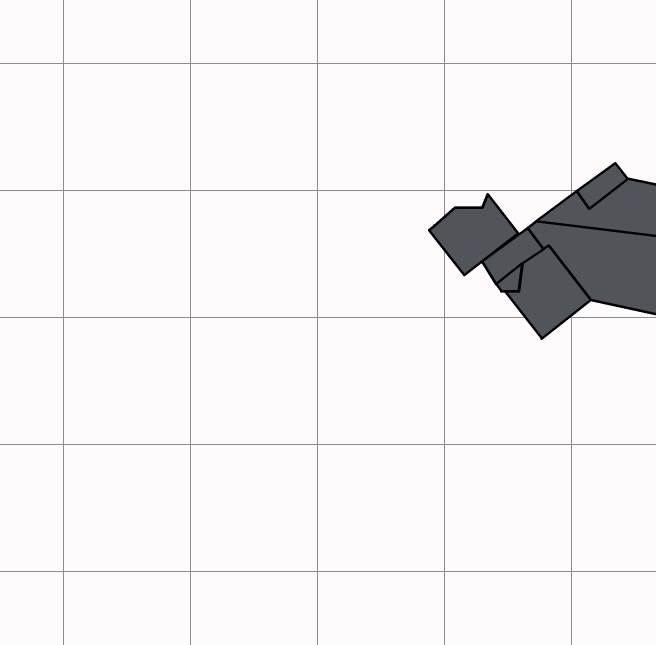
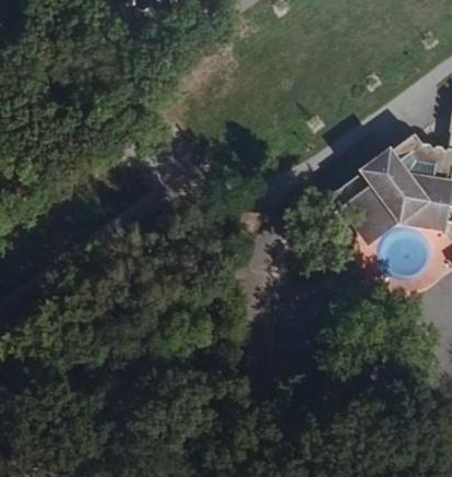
building: [429,194,518,275] -> none

